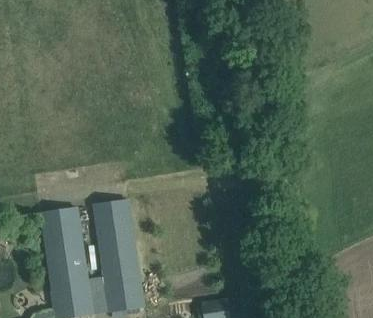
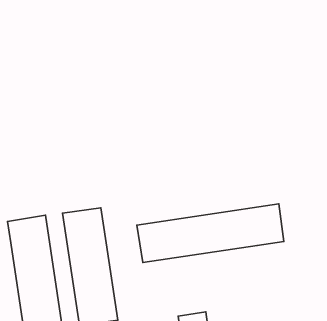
building: none -> [137,204,284,262]

